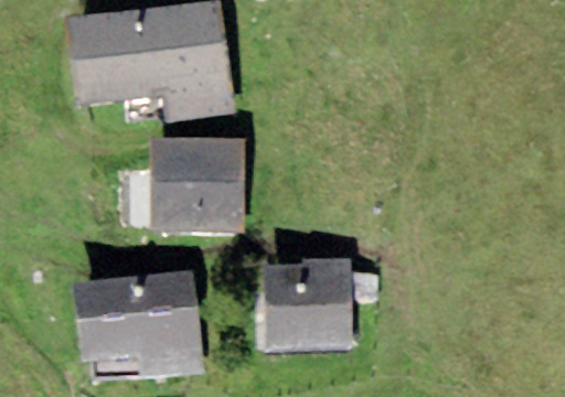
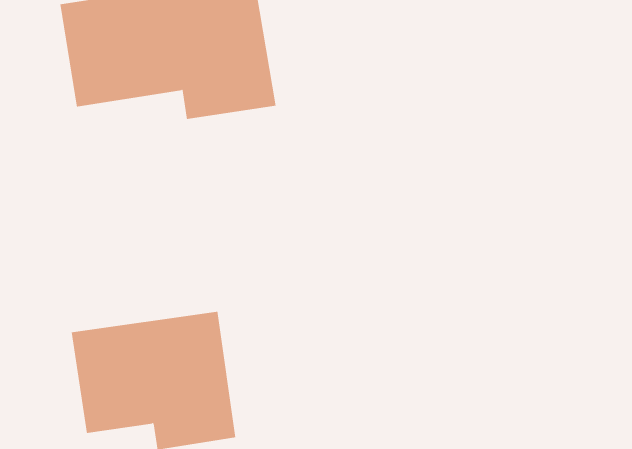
building: [151,137,244,227] -> none
building: [260,254,354,347] -> none

